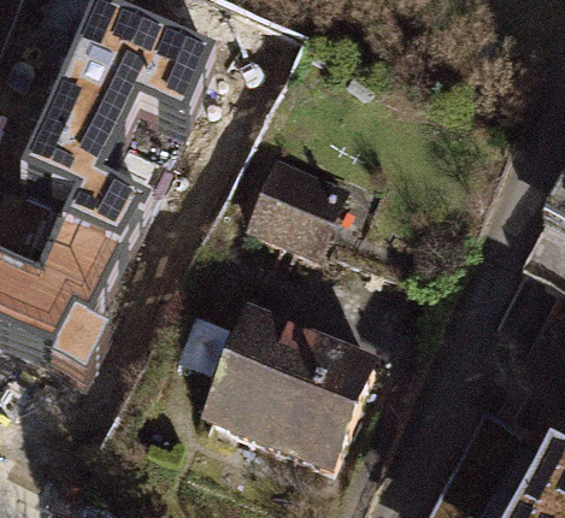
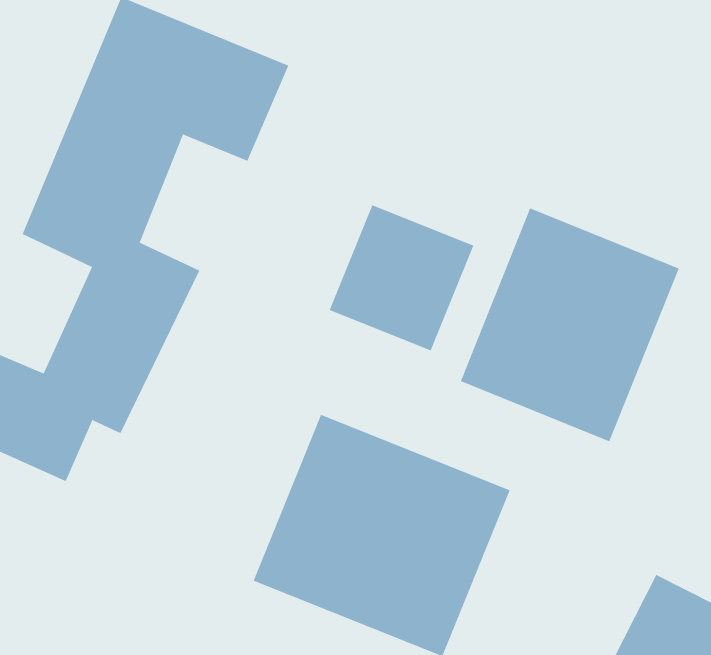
building: none -> [460,208,679,442]

